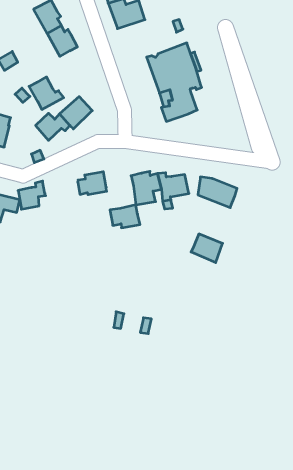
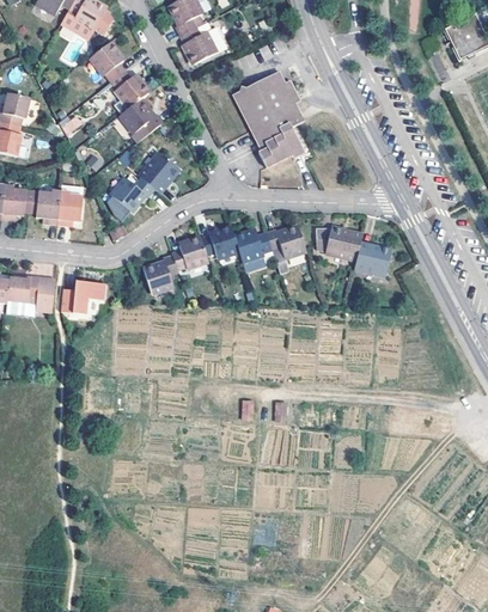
building: [29,77,64,109] -> [121,99,164,139]
building: [18,181,46,209] -> [145,253,178,290]
building: [110,205,140,228] -> [201,226,239,256]
building: [191,234,223,263] -> [355,241,391,273]

